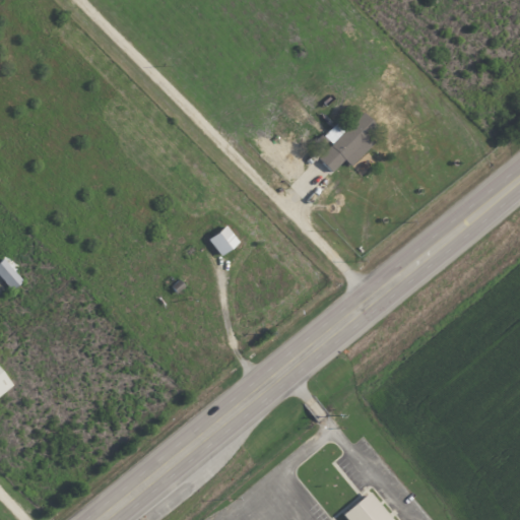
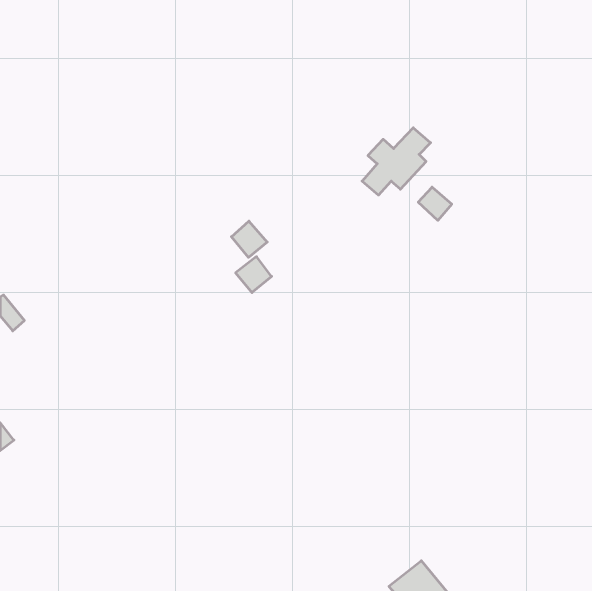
building: none -> [418,187,452,220]
building: none -> [231,221,267,257]

